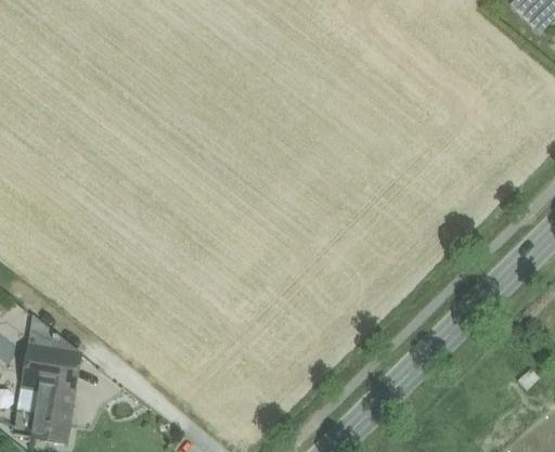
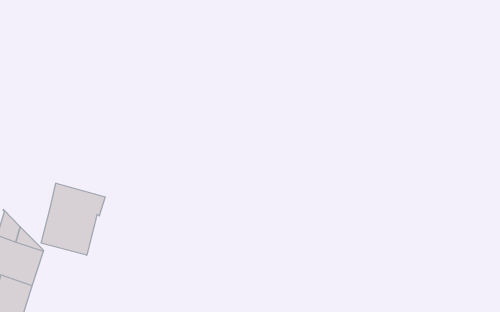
building: none -> [41,183,105,255]

